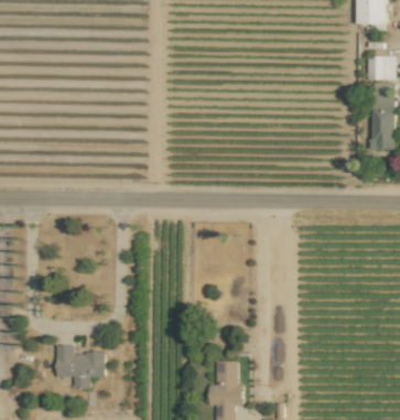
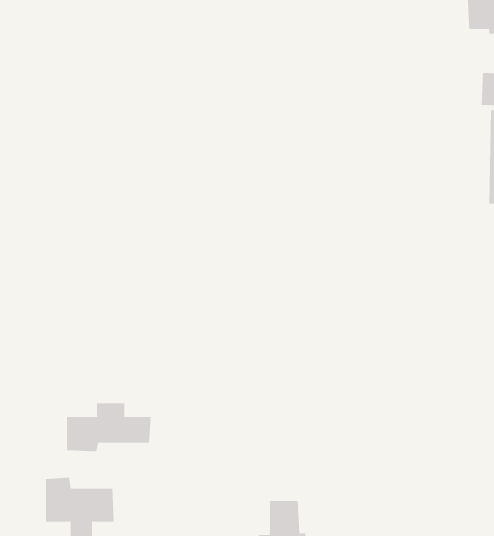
building: none -> [66,403,151,452]

